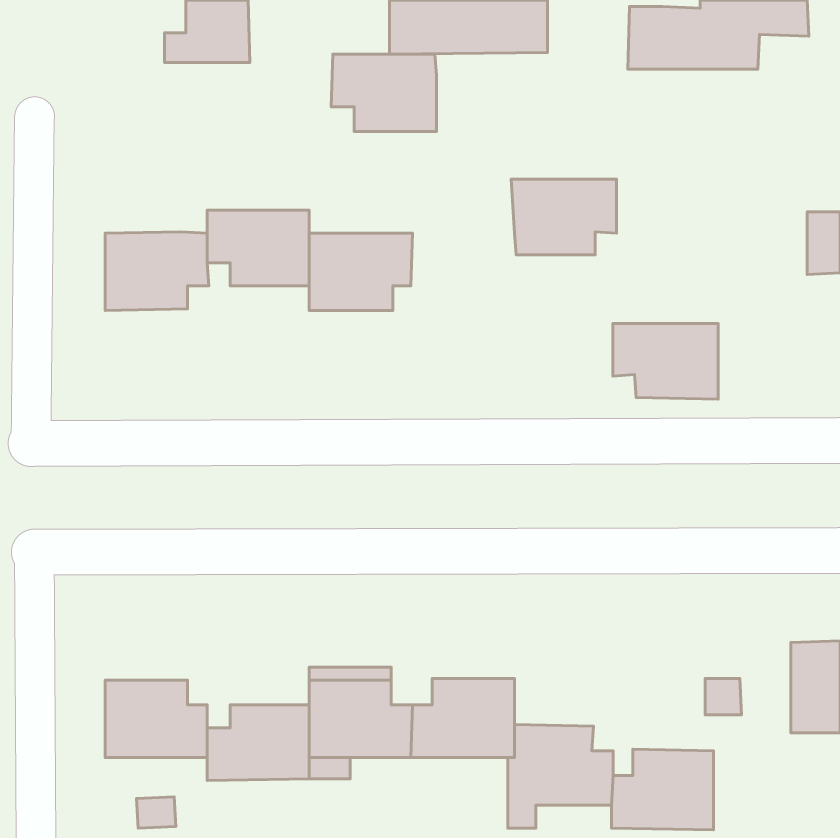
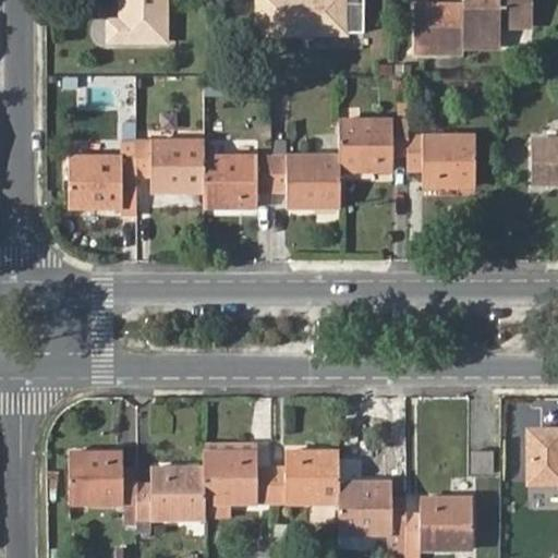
building: [331,54,436,131] -> [272,156,342,207]
building: [613,324,718,399] -> [409,136,478,186]

